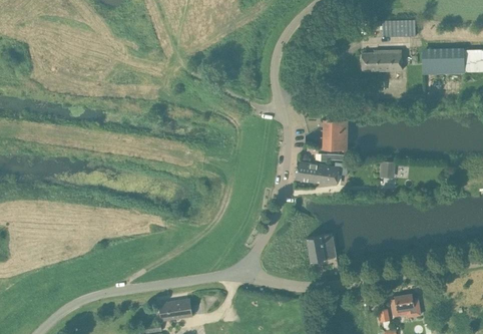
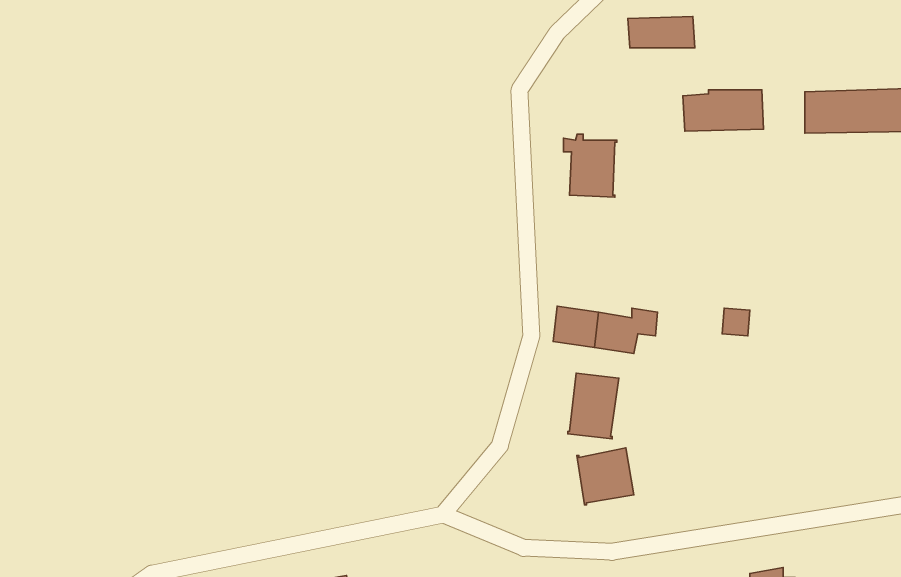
building: [382,20,416,36] -> [628,16,695,48]
building: [320,117,347,149] -> [564,134,617,197]
building: none -> [568,373,619,439]

